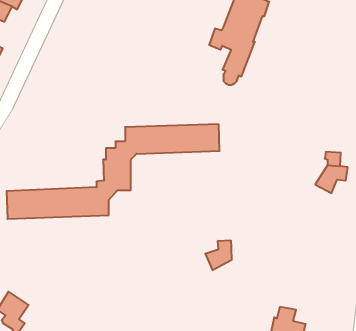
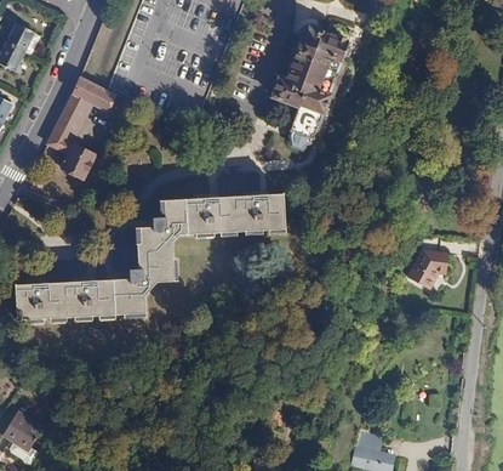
building: none -> [47,76,114,177]
building: [205,240,232,270] -> none

